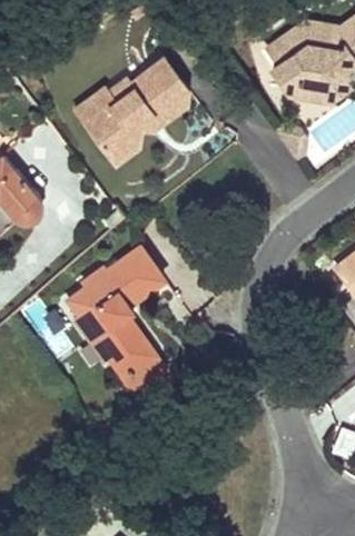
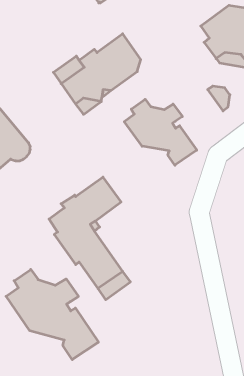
building: none -> [124,99,197,165]
building: none -> [6,269,98,360]

